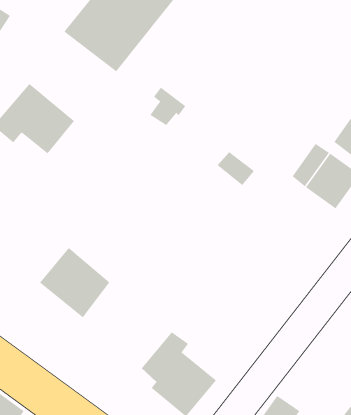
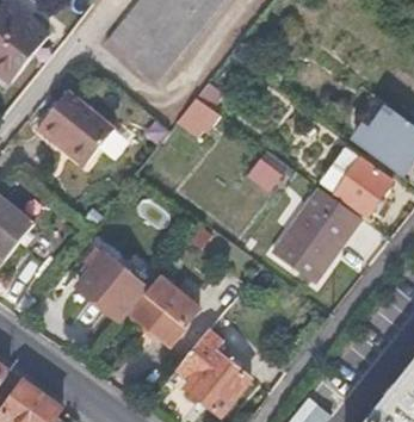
building: none -> [267,186,362,285]
building: none -> [132,275,198,346]

